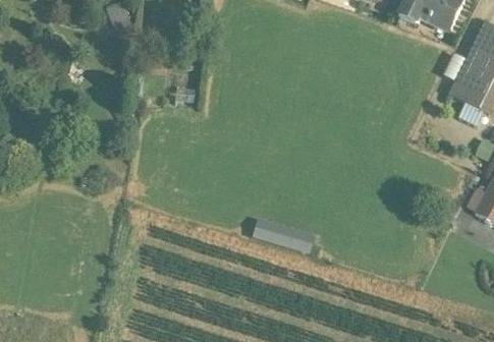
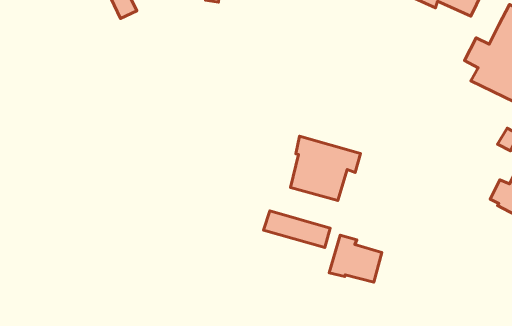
building: none -> [290,136,360,200]
building: none -> [329,235,382,282]

